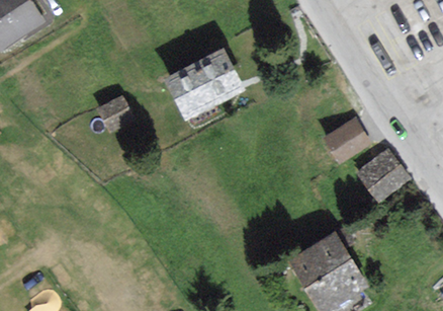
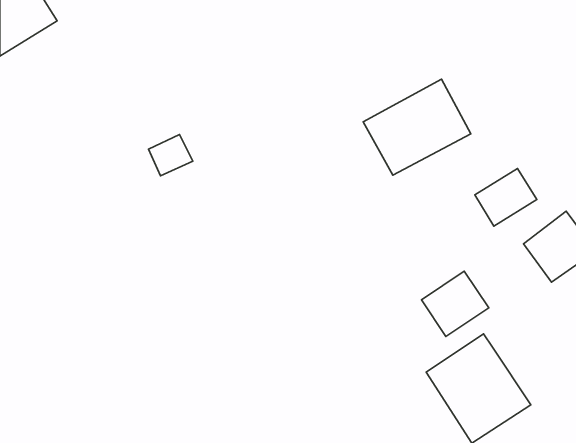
building: [168,51,242,116] -> [363,79,471,175]
building: none -> [421,271,489,336]

